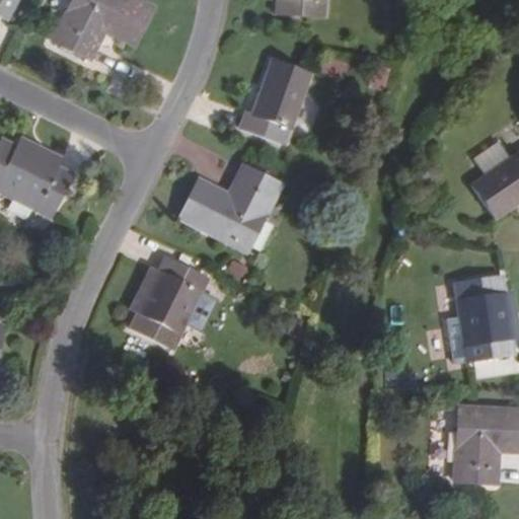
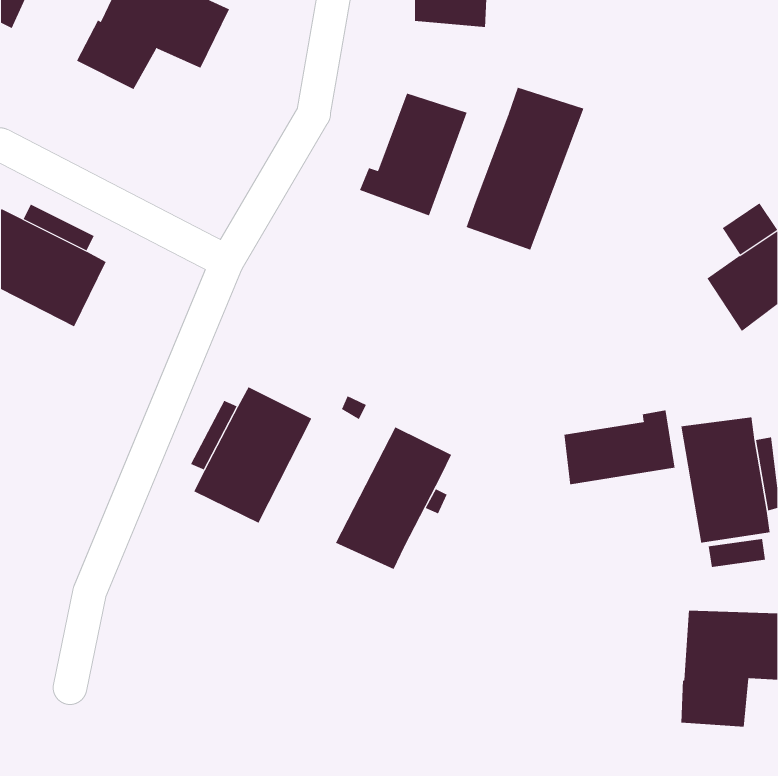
building: none -> [466,87,584,250]
building: [179,166,281,251] -> none
building: none -> [564,409,675,485]
building: none -> [335,426,452,570]

